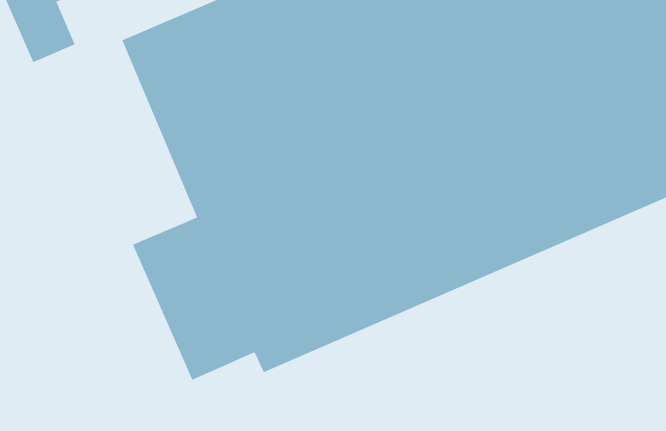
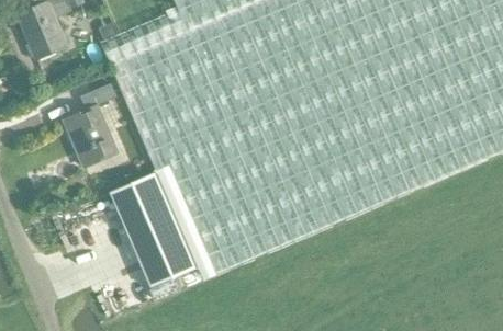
building: none -> [65,83,119,167]

